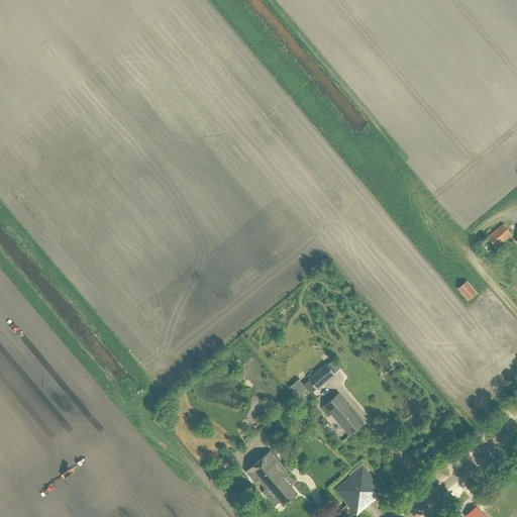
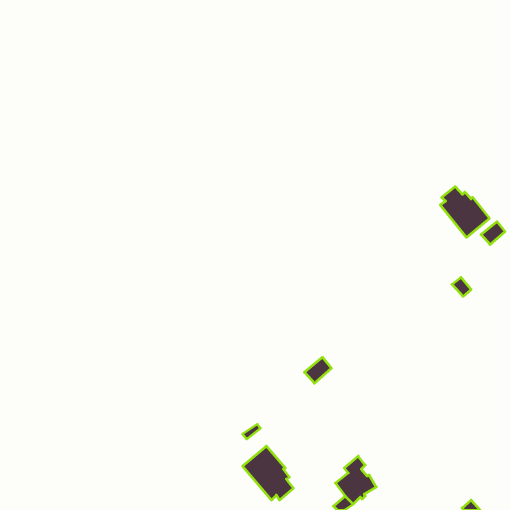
building: none -> [440,187,489,237]
building: [321,393,364,435] -> none

